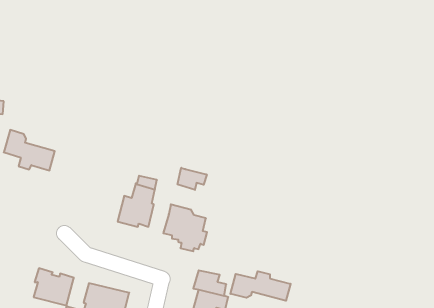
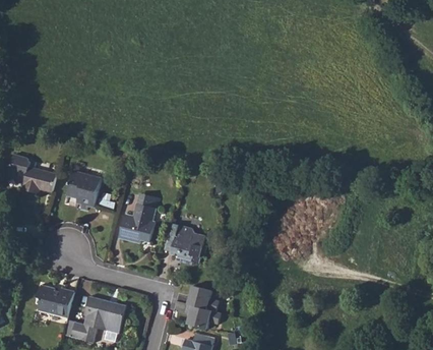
building: none -> [67,170,102,209]
building: [178,168,207,190] -> none
building: [230,271,291,301] -> none

